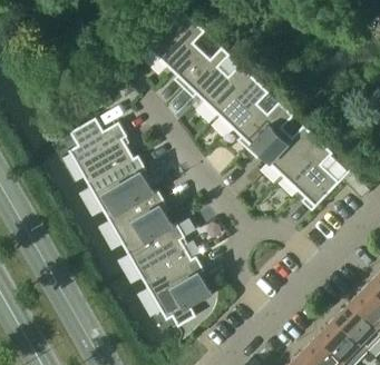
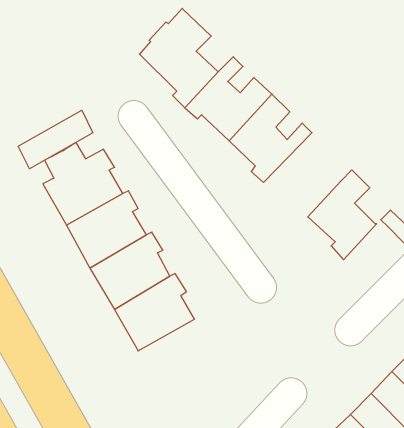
building: none -> [18,110,93,169]
building: [247,110,319,178] -> none
building: [146,257,212,328] -> none

